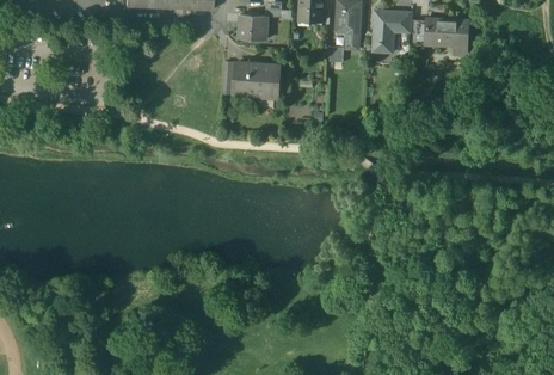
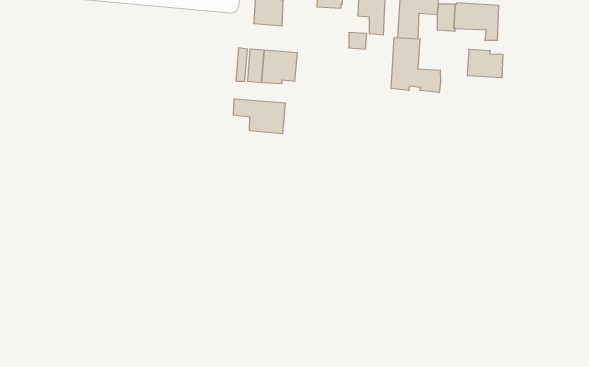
building: none -> [391,37,440,93]
building: none -> [468,49,503,78]
building: none -> [234,99,285,134]

